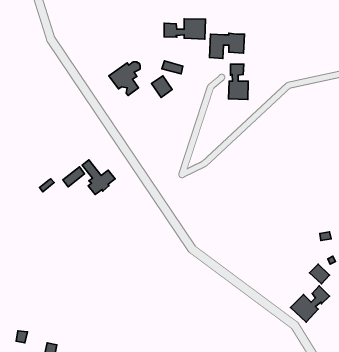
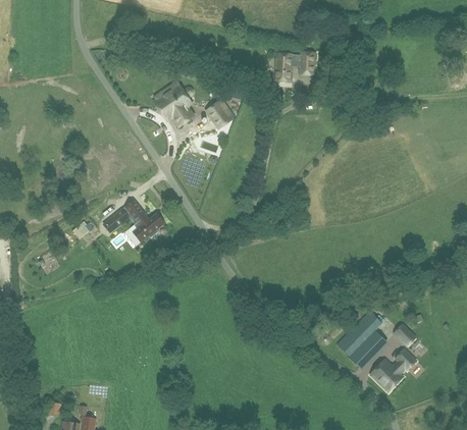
building: [164,19,206,39] -> none
building: [229,64,248,100] -> none
building: none -> [334,309,384,367]

